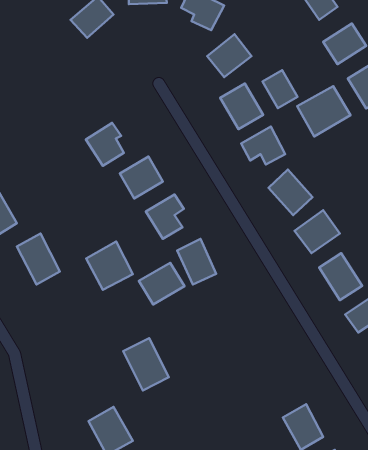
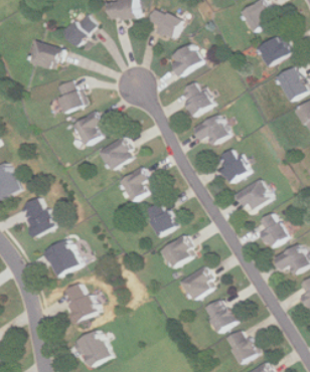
building: none -> [28,40,61,69]
building: [262,70,298,108] -> none
building: none -> [53,78,84,113]
building: [297,86,351,136] -> none
building: [86,242,133,290] -> [42,239,79,276]
building: [139,263,184,304] -> [159,235,194,267]
building: none -> [180,265,215,300]
building: [123,338,169,390] -> [60,282,96,322]
building: none -> [203,298,235,332]

